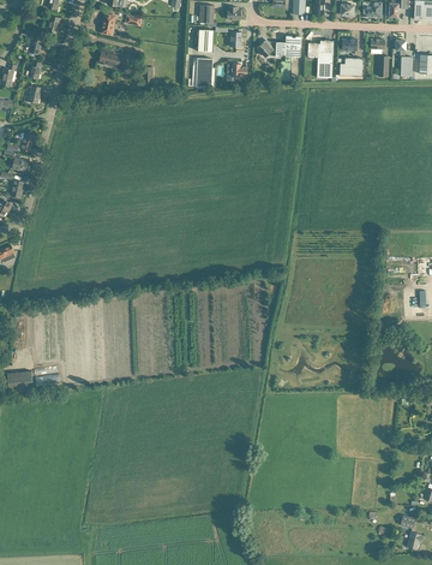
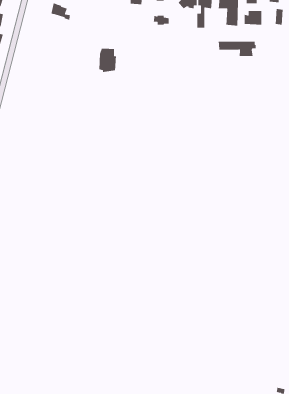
building: [191,58,214,89] -> [98,48,117,73]
building: none -> [218,41,257,57]

